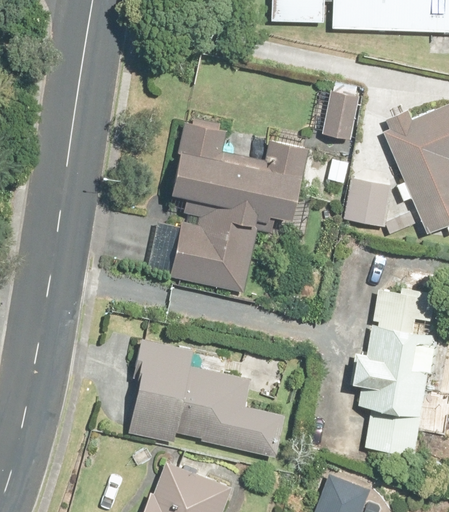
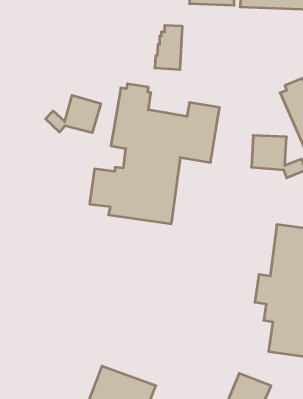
building: [322,84,356,138] -> [155,25,182,70]
building: none -> [46,95,101,133]
building: [127,338,285,456] -> none

